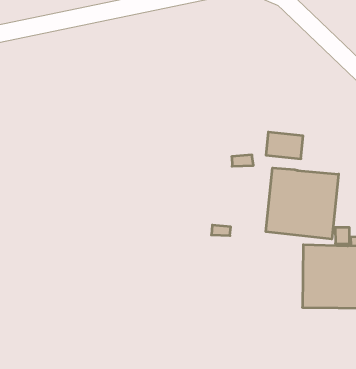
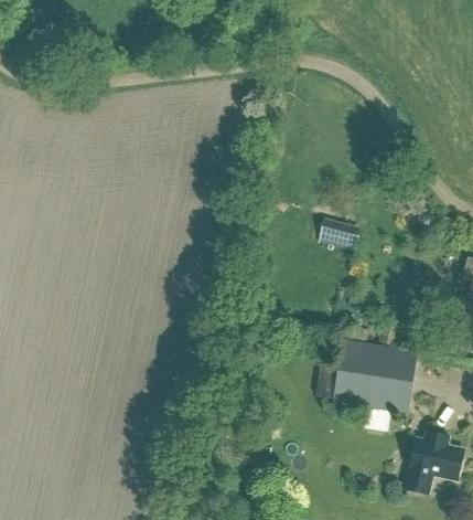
building: [266,168,339,239] -> none

